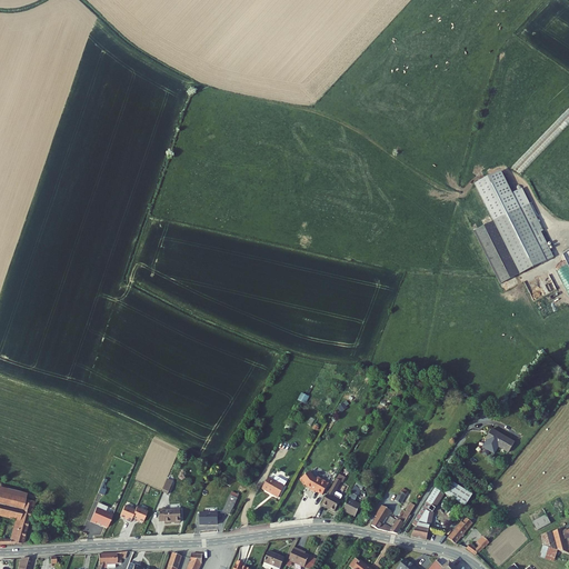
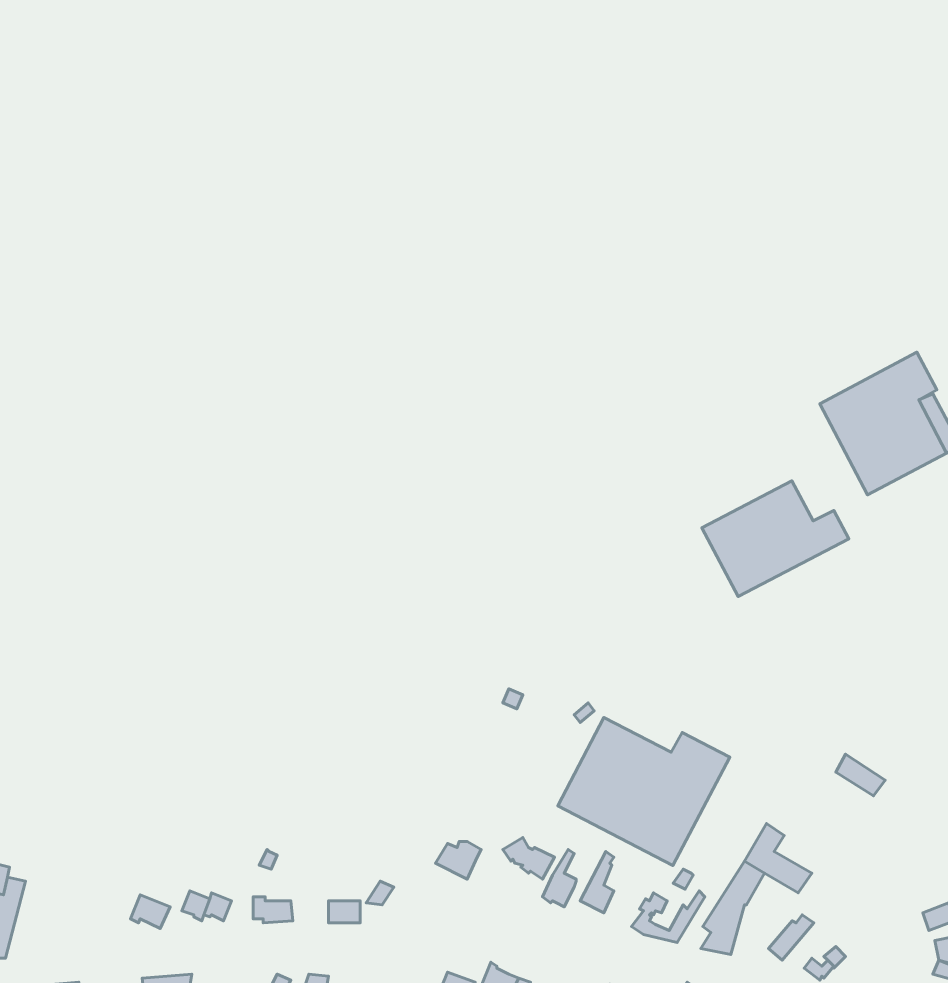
building: [476,170,531,221] -> none
building: none -> [702,481,849,596]
building: none -> [558,718,730,865]

